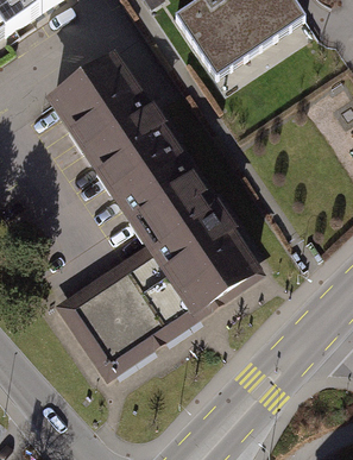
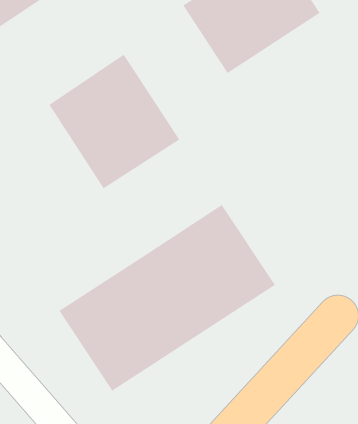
building: [100,139,214,248] -> none

